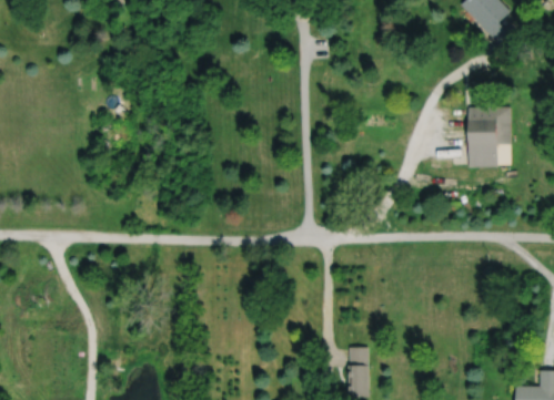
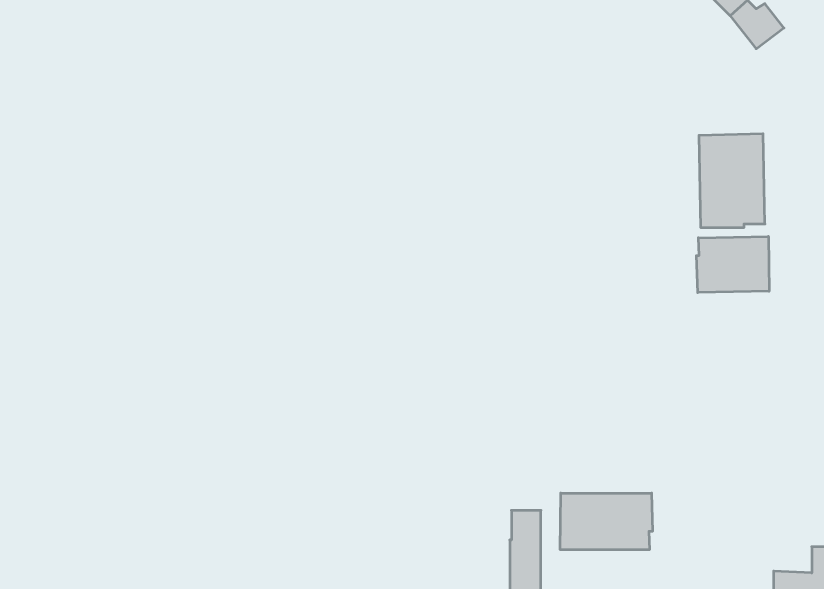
building: none -> [696,236,769,293]
building: none -> [560,493,652,550]

